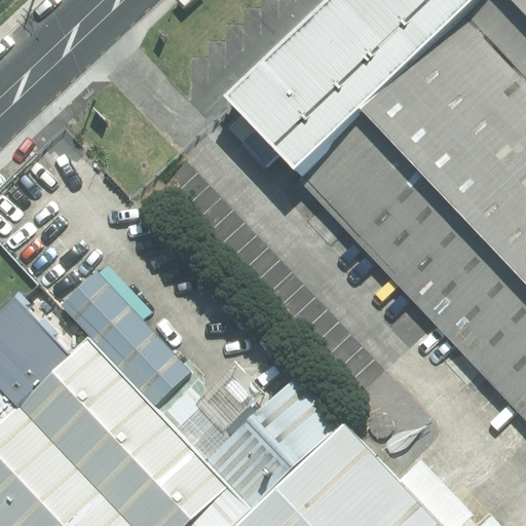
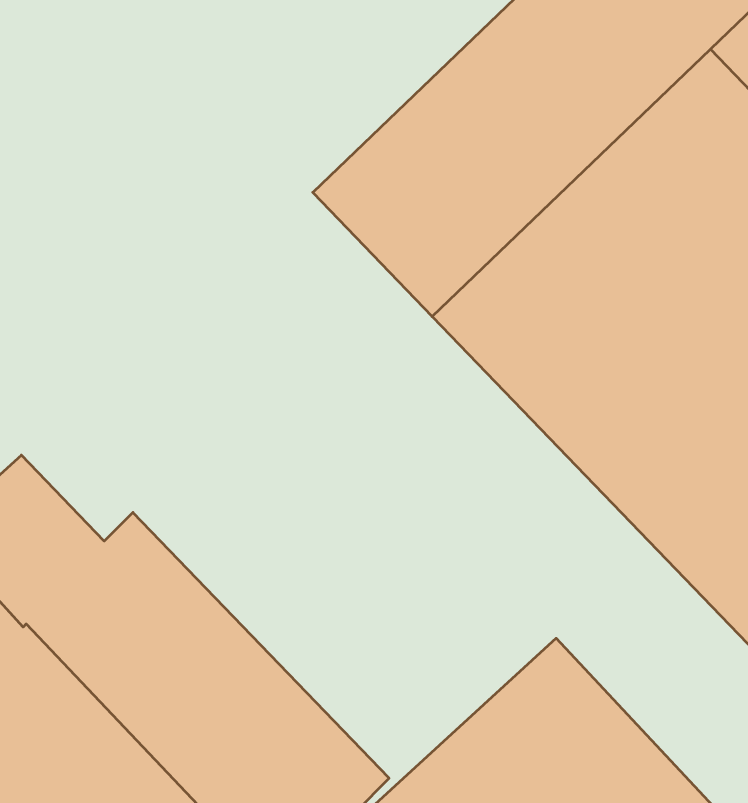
building: [78,265,354,503] -> none

